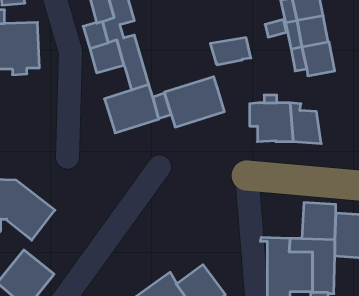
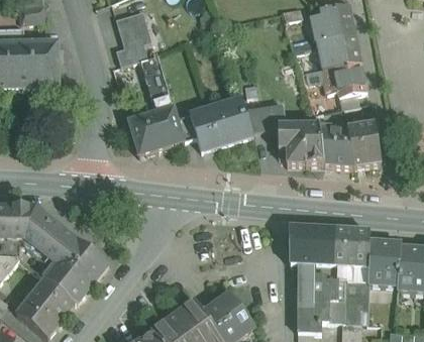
building: [210,38,251,65] -> [245,102,288,130]
building: none -> [347,121,382,165]
building: none -> [289,224,335,264]
building: none -> [36,235,108,302]

